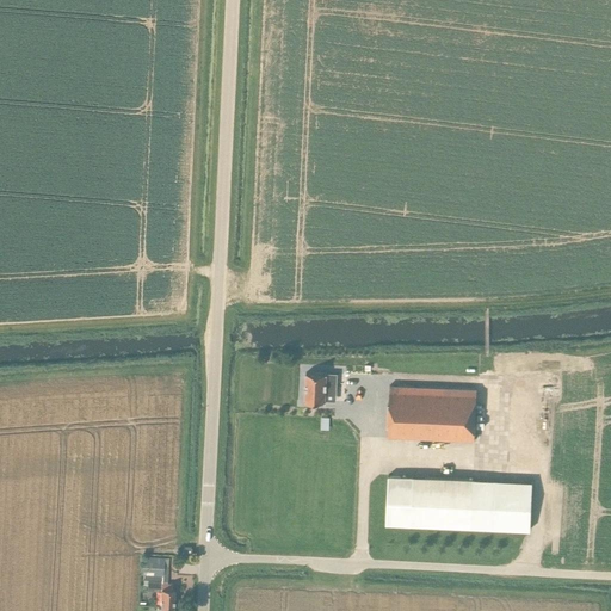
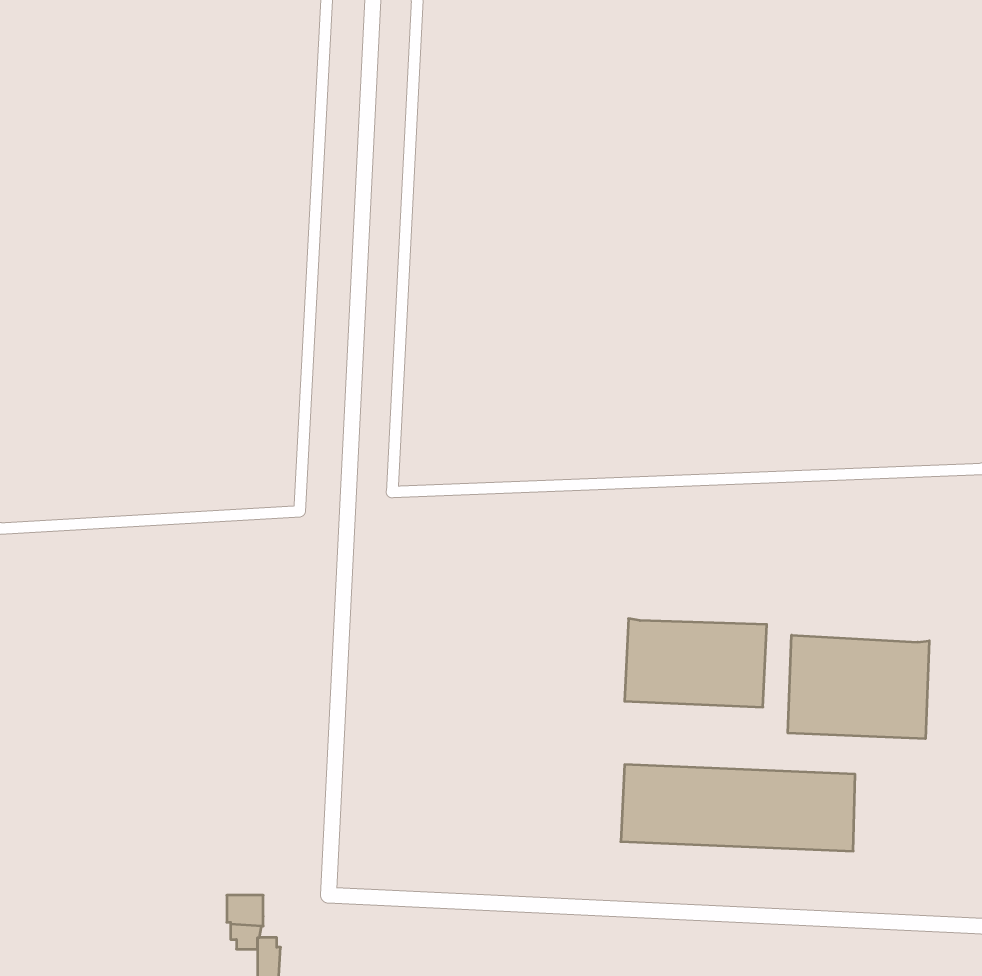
building: [304,376,337,403] -> none
building: none -> [788,635,929,739]

